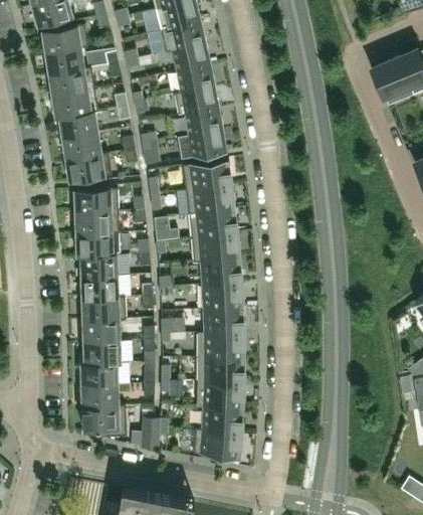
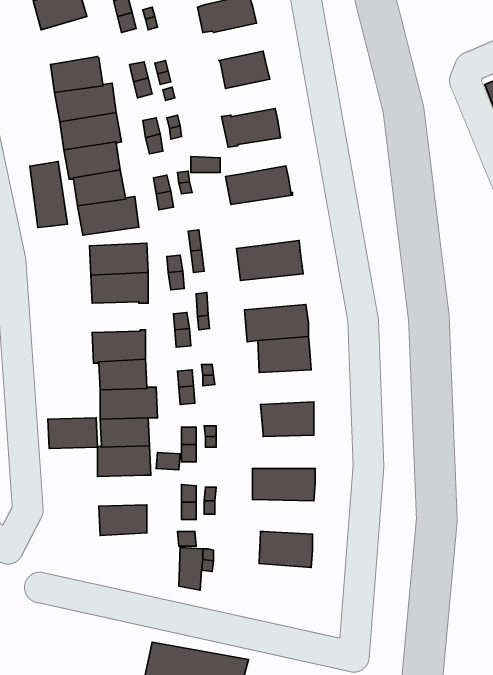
building: [160,22,205,52] -> none
building: [42,24,88,53] -> none
building: [177,64,214,93] -> none
building: [186,109,222,136] -> none
building: none -> [30,162,68,227]
building: [182,158,232,192] -> none
building: [188,211,237,238] -> none
building: [76,232,120,255] -> none
building: [202,284,243,310] -> none
building: [197,332,244,358] -> none
building: [80,363,118,386] -> [48,418,97,449]
building: [196,381,243,407] -> none
building: [82,405,127,437] -> none
building: [193,428,241,459] -> none

